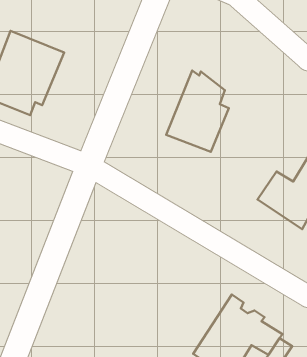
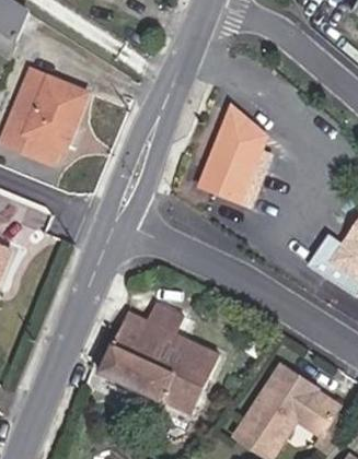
building: none -> [99,299,220,414]

